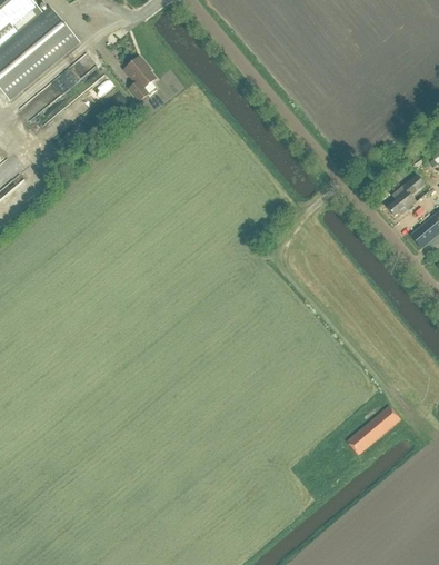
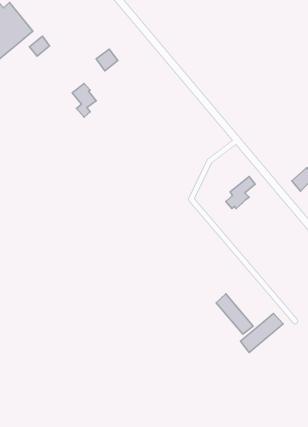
building: [123,57,154,100] -> [72,83,96,117]
building: [386,175,423,216] -> [226,176,255,208]
building: none -> [216,294,253,334]

